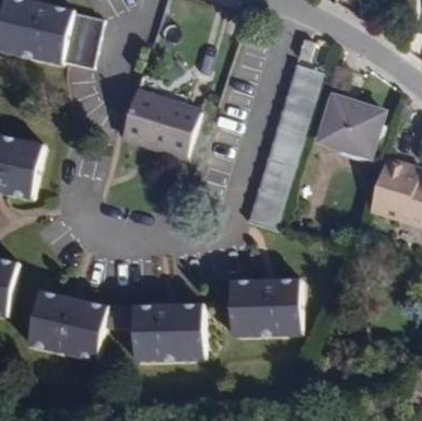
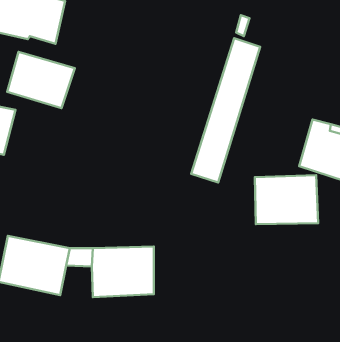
building: [124,92,201,156] -> [7,52,75,108]
building: [319,95,384,157] -> none
building: [230,279,302,335] -> [255,175,318,224]

